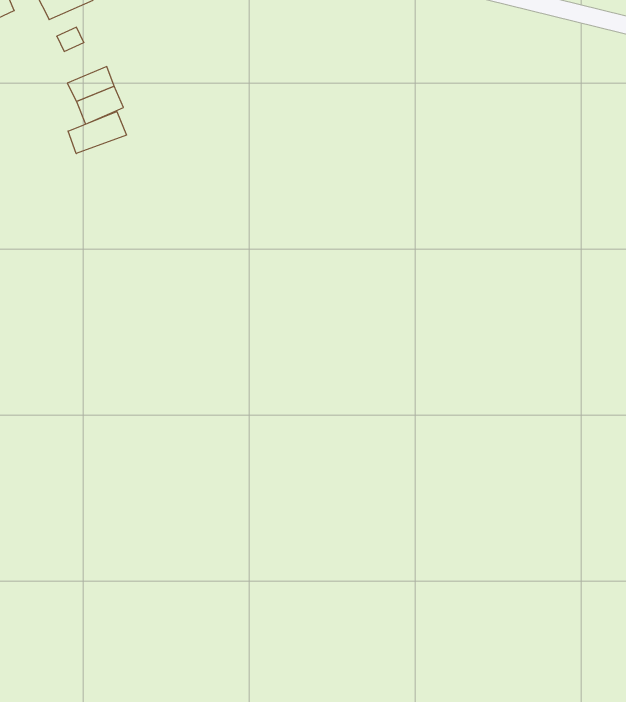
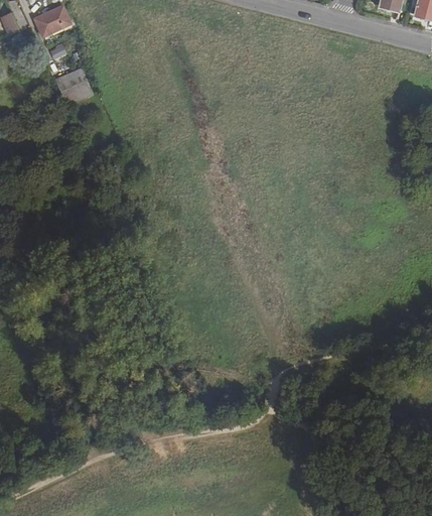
building: [68,112,126,154] -> none

